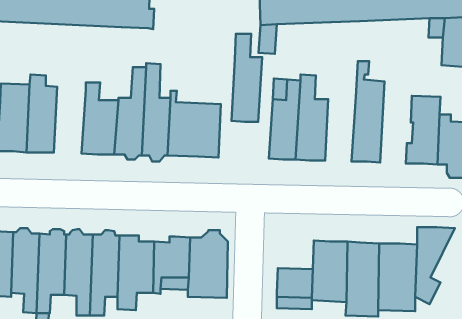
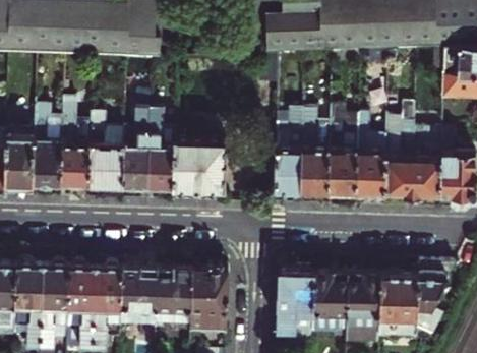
building: [232,34,262,122] -> [325,105,356,192]
building: none -> [56,100,87,184]
building: none -> [380,101,414,194]
building: none -> [279,262,314,299]

